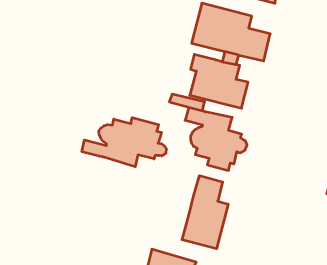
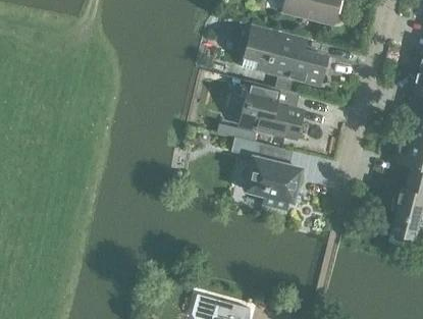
building: [82,118,166,167] -> none
building: [182,176,228,249] -> none

